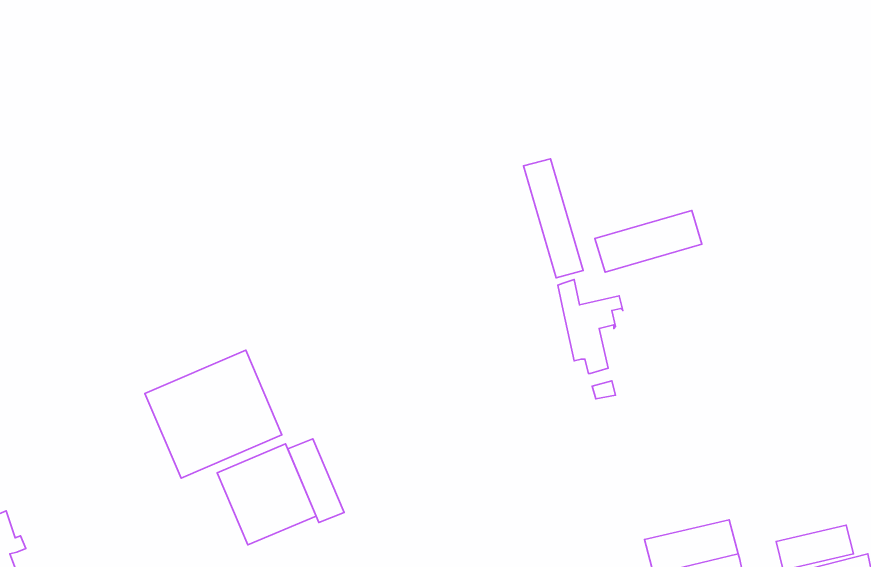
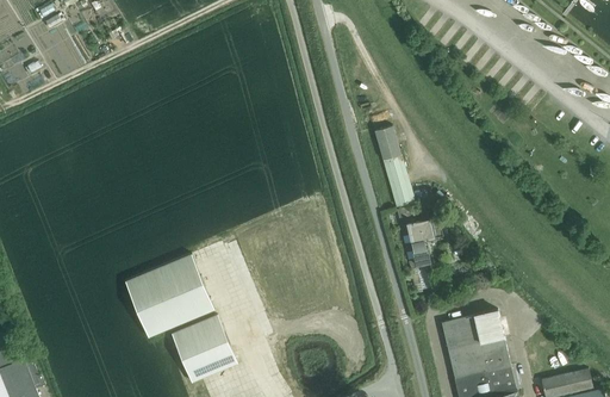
building: [595,210,702,272] -> none
building: none -> [441,309,510,378]
building: [288,439,344,522] -> none

